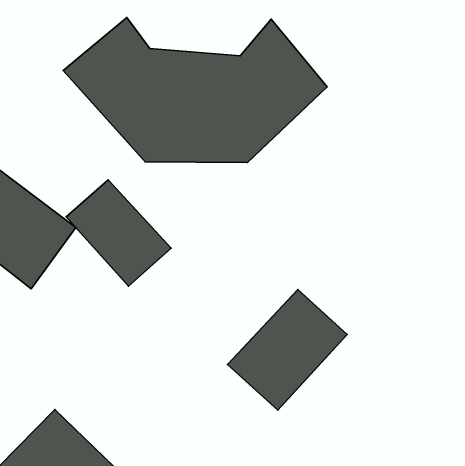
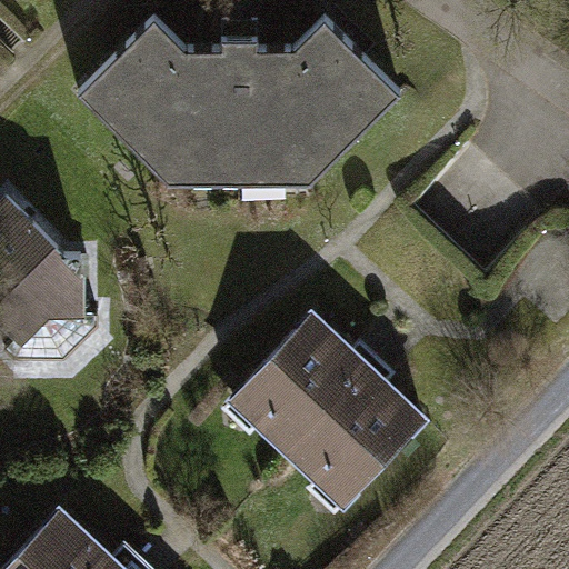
building: [66,180,171,286] -> none
building: none -> [219,299,362,445]

